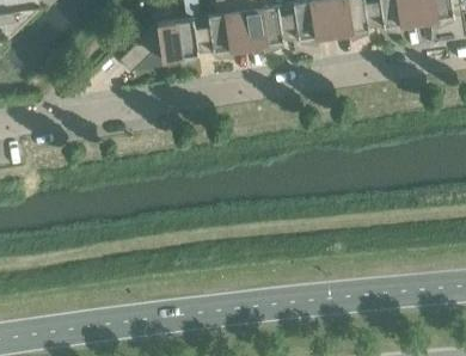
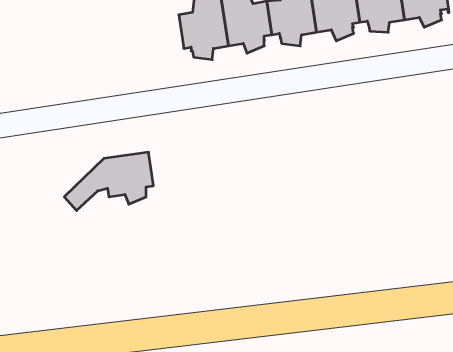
building: [119,18,206,74] -> [64,152,153,211]

